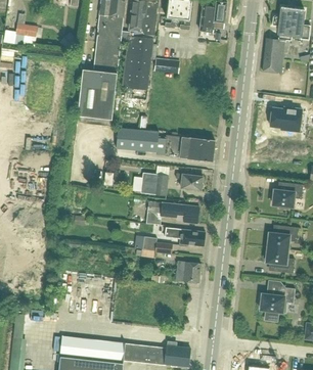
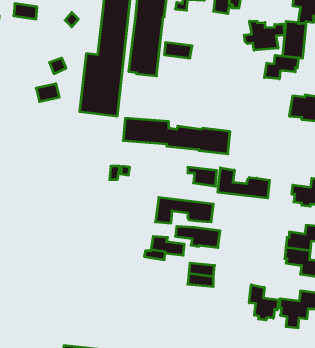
building: none -> [244,21,285,50]
building: none -> [264,55,299,79]
building: [140,172,168,195] -> none
building: none -> [218,168,270,198]
building: none -> [249,285,279,320]

